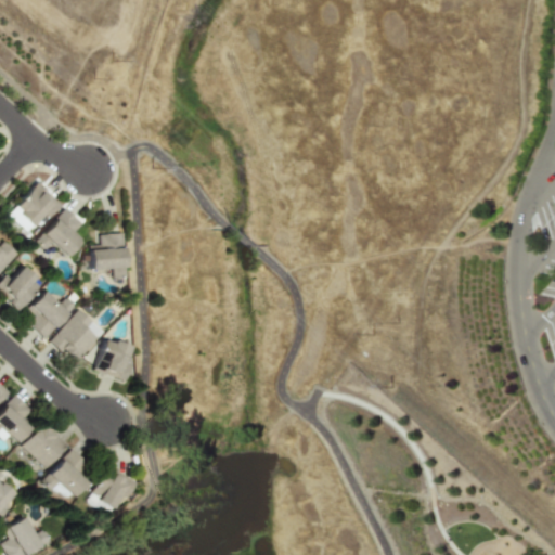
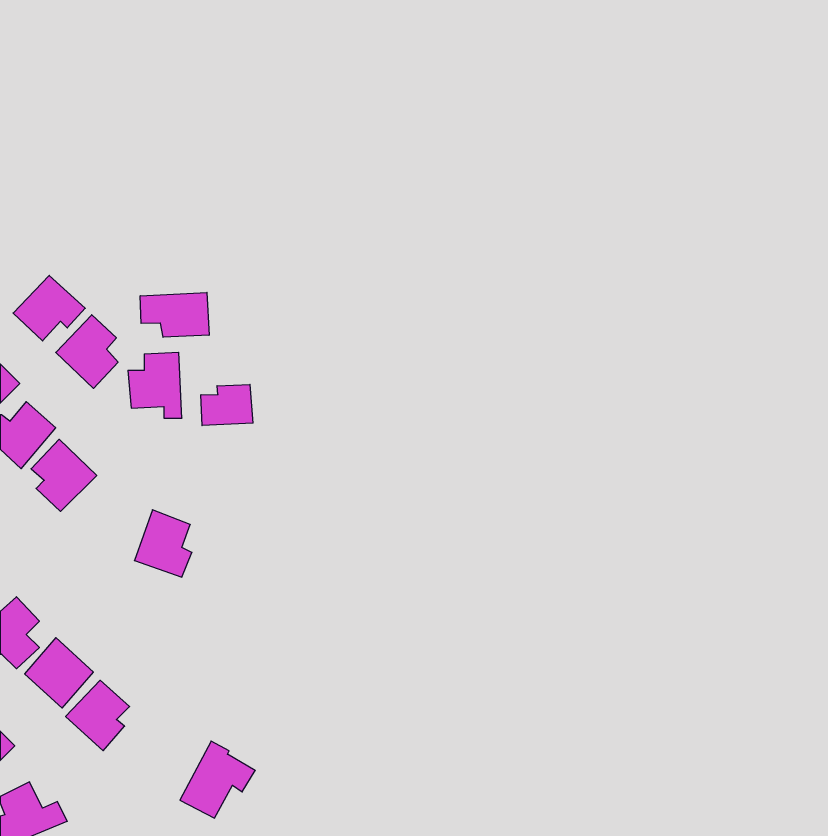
building: none -> [140,292,209,337]
building: none -> [201,384,253,426]
building: [51,310,106,362] -> none
building: [88,465,138,516] -> [180,741,255,818]

